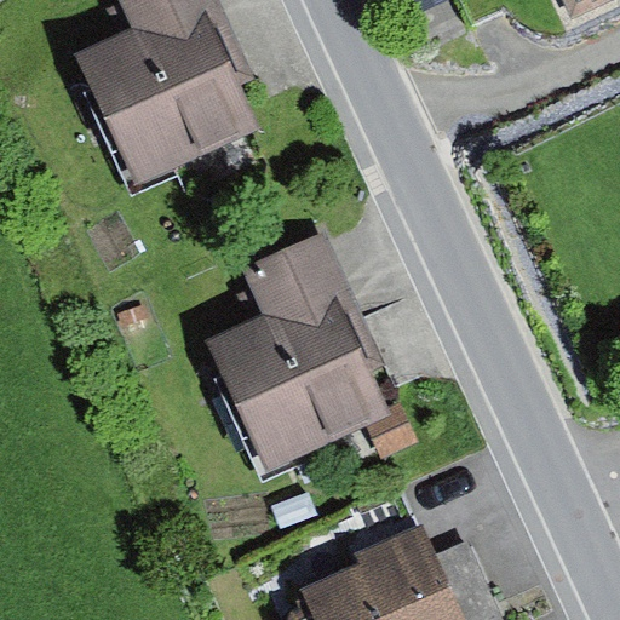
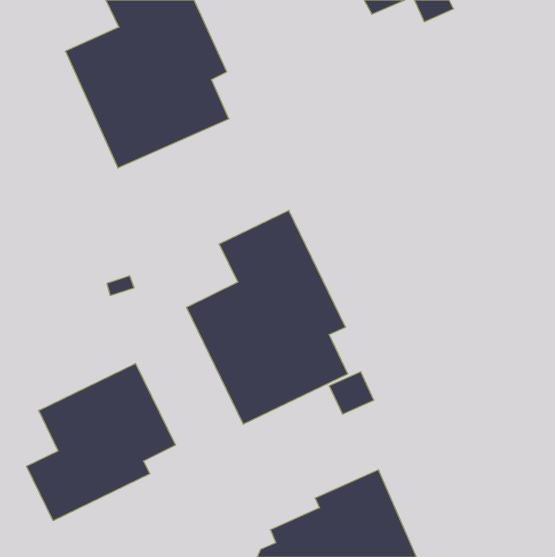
building: none -> [27,363,176,521]

